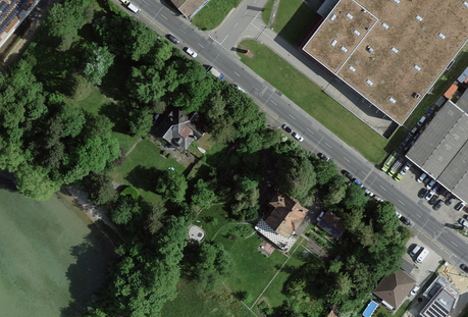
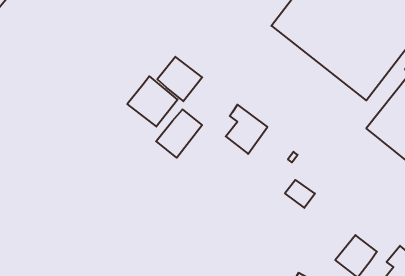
building: none -> [157,57,202,101]
building: none -> [156,109,202,158]
building: [262,189,306,241] -> [226,105,267,154]

